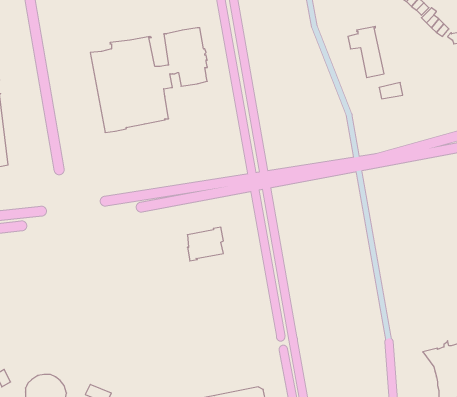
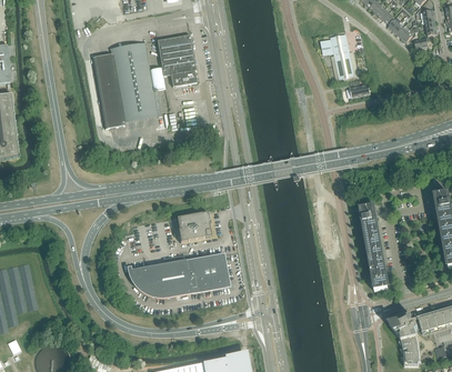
building: none -> [360,205,390,291]
building: none -> [128,254,229,298]

